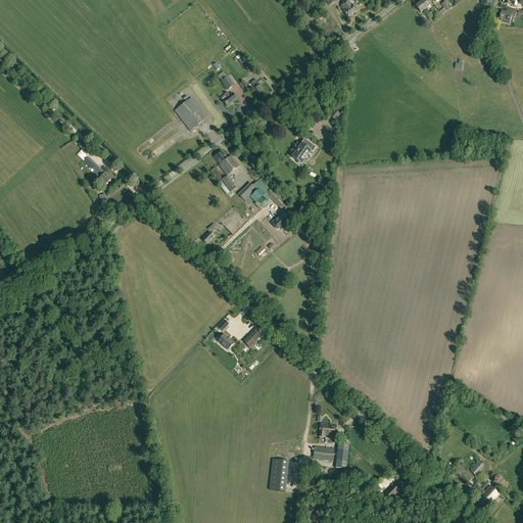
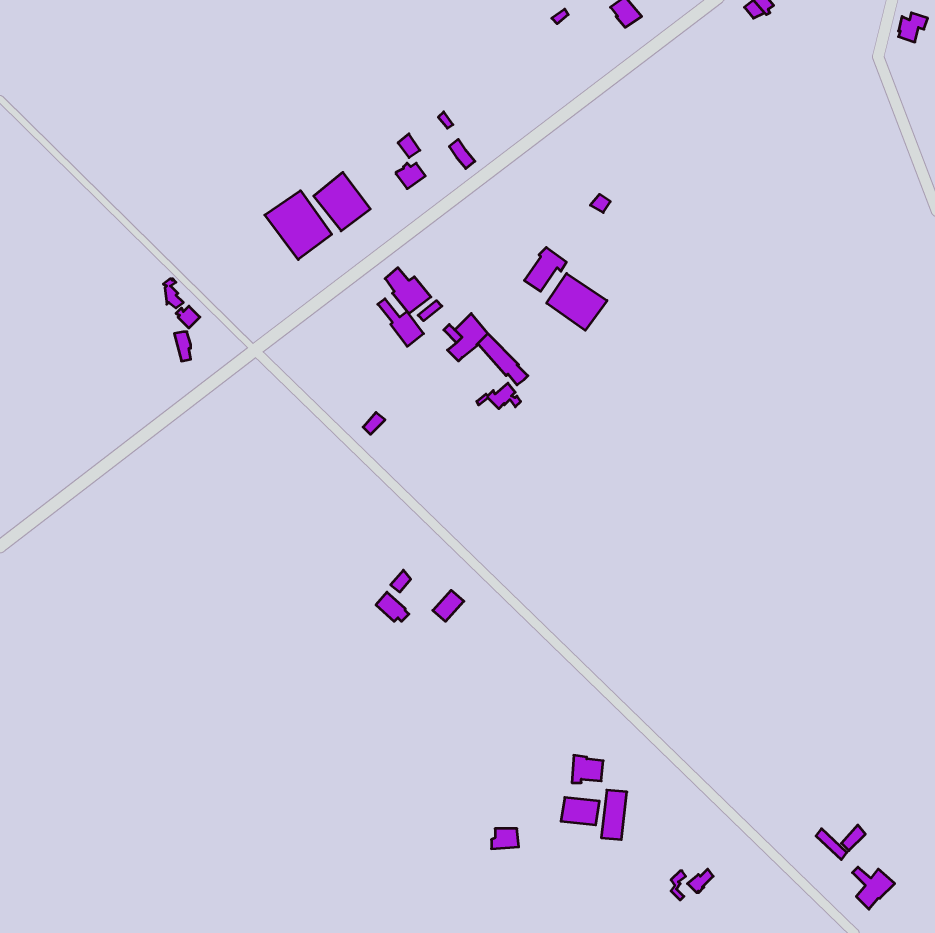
building: none -> [265,191,332,260]
building: none -> [547,273,607,330]

